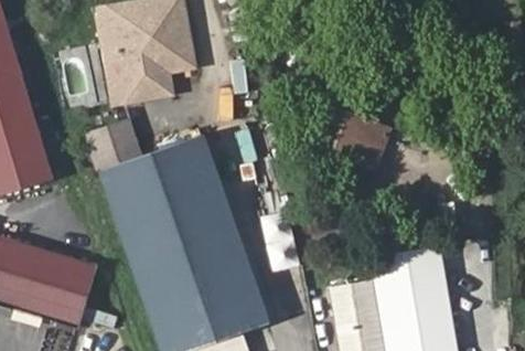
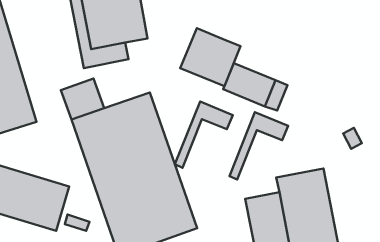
building: none -> [180,28,240,86]
building: none -> [175,102,233,168]
building: none -> [229,112,288,180]

